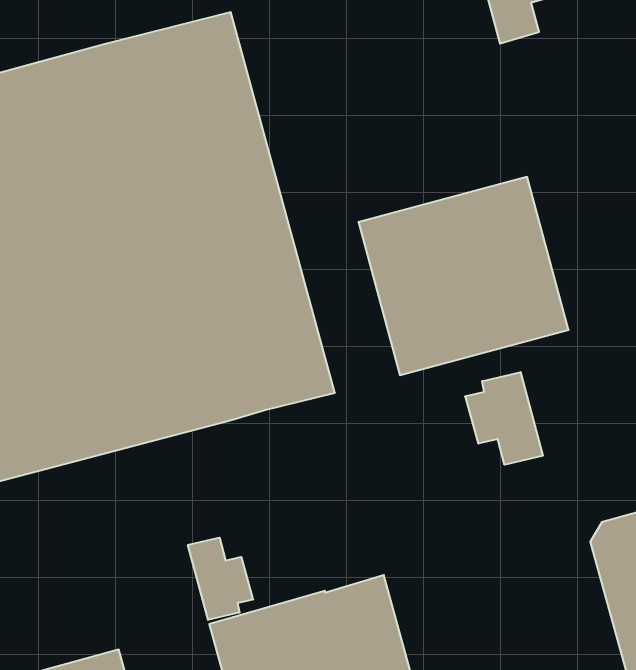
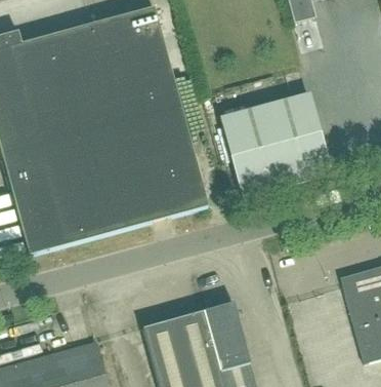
building: [465,372,543,465] -> none
building: [188,538,253,620] -> none

